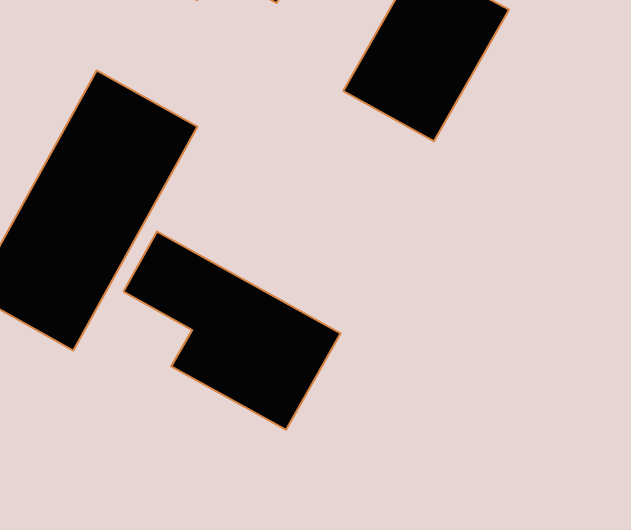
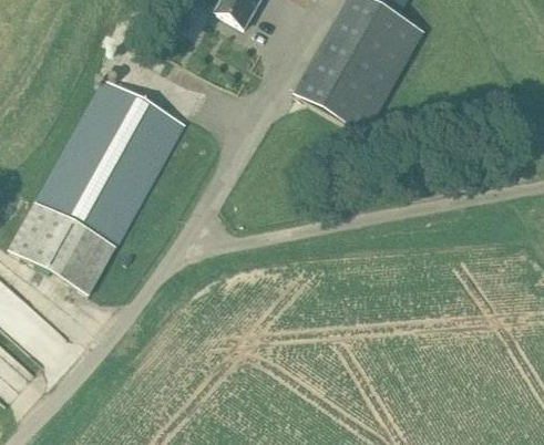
building: [124,231,340,430] -> none

